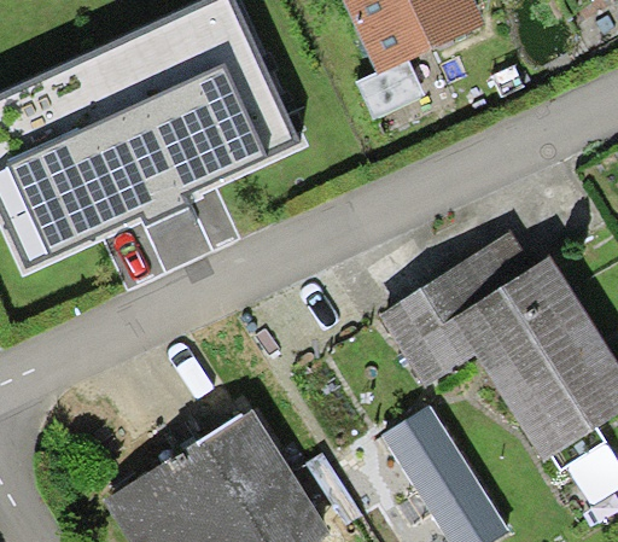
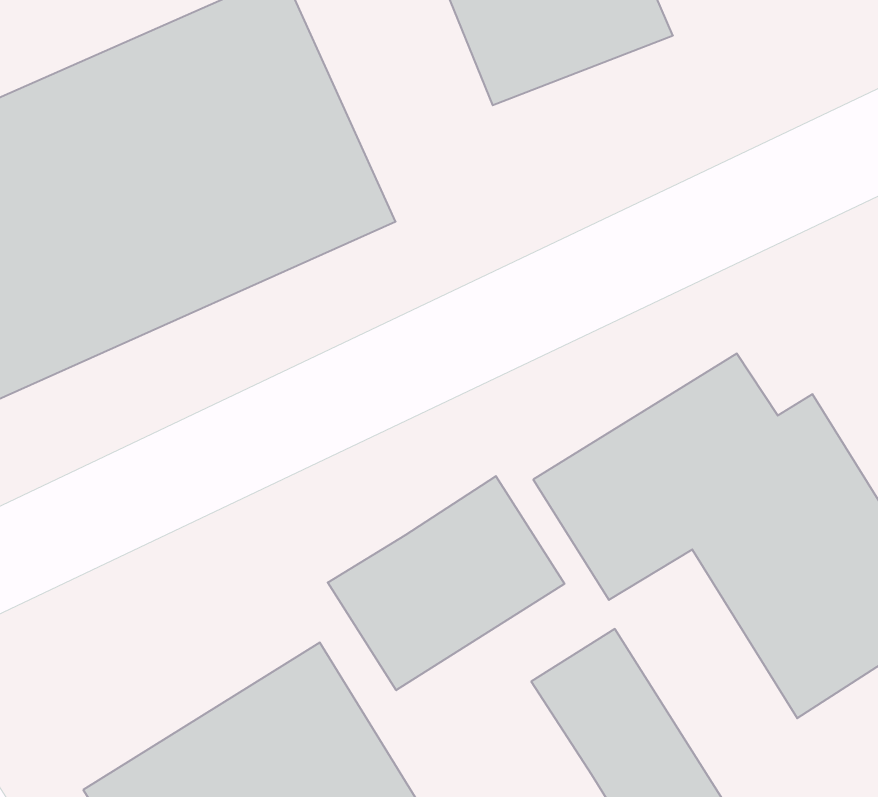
building: none -> [328,476,564,690]

